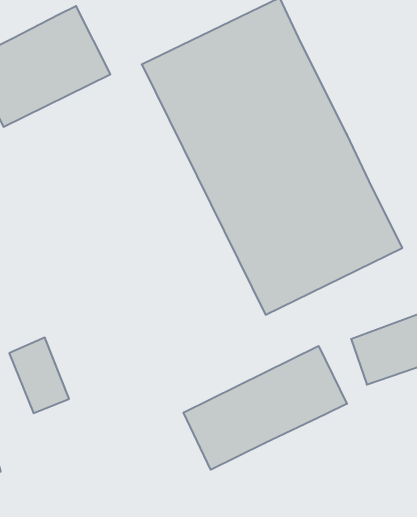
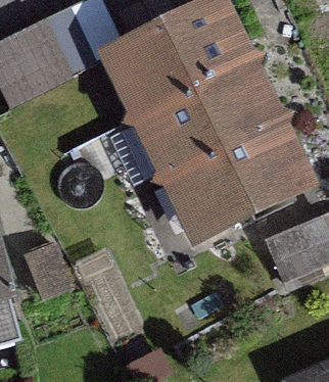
building: [184,346,347,470] -> none

